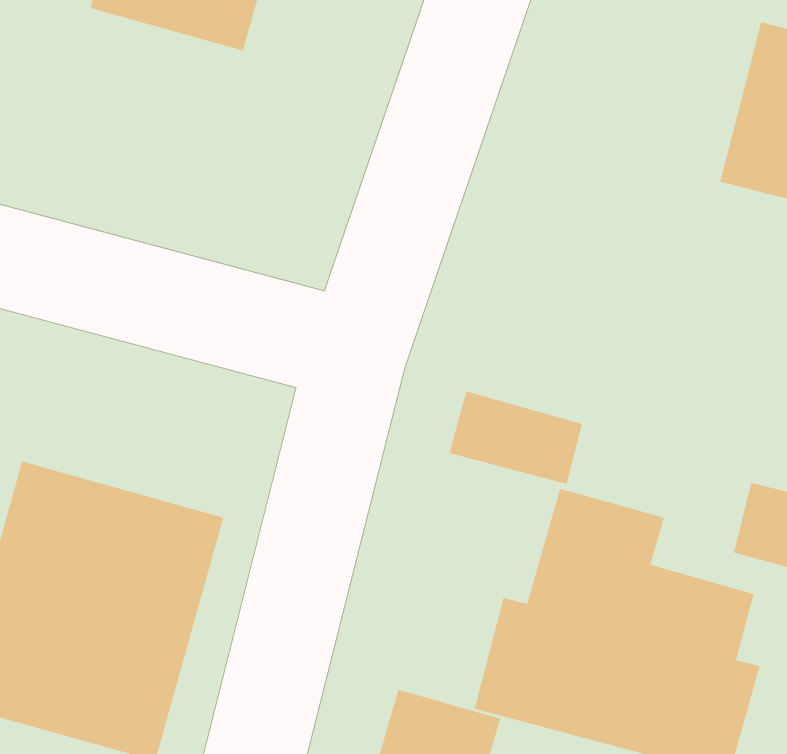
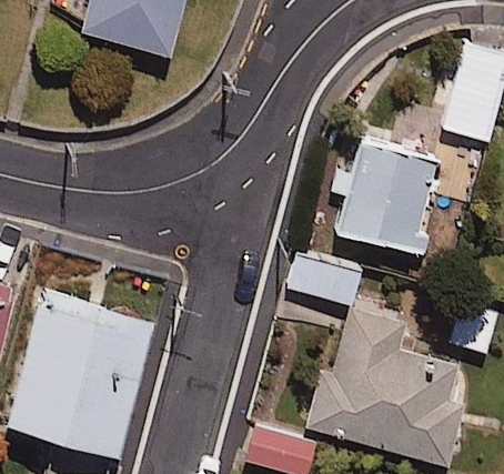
building: none -> [336,143,436,255]

